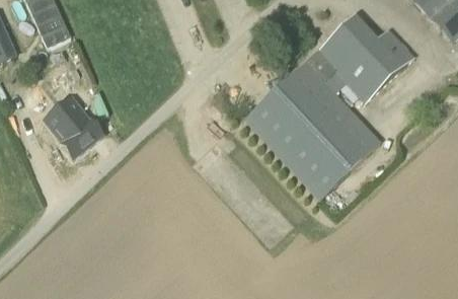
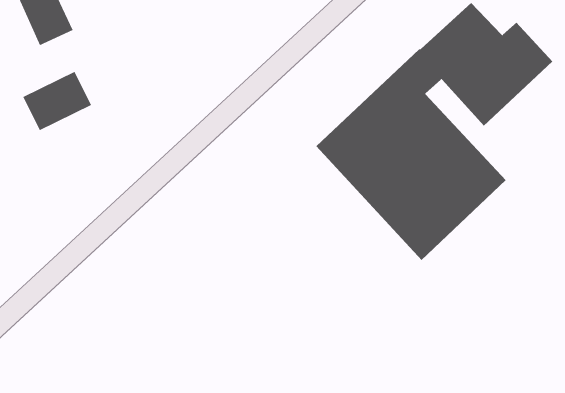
building: [49,96,105,156] -> none

